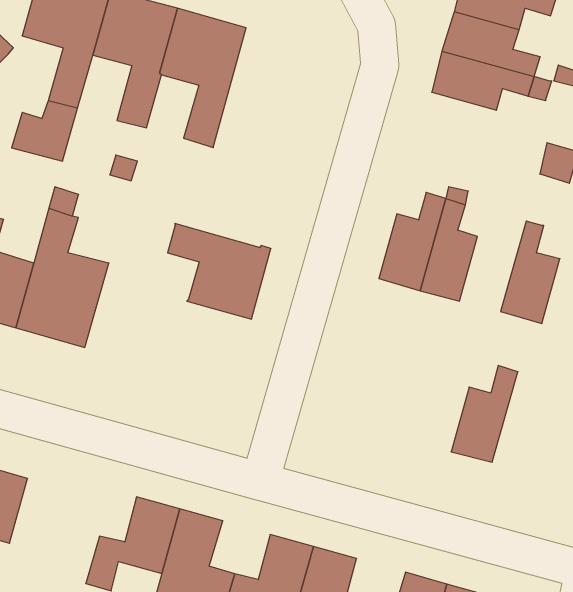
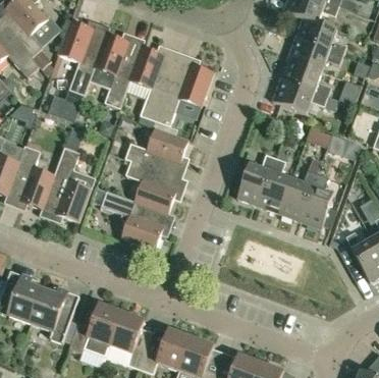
building: none -> [155,58,214,125]
building: none -> [125,127,188,175]
building: none -> [95,186,168,249]
building: [451,366,518,462] -> [279,168,318,219]
building: none -> [31,288,79,341]

